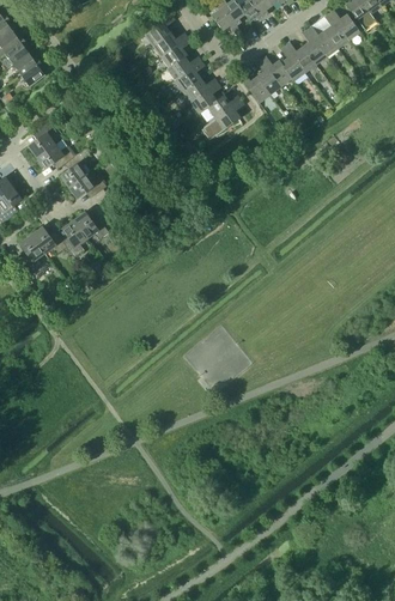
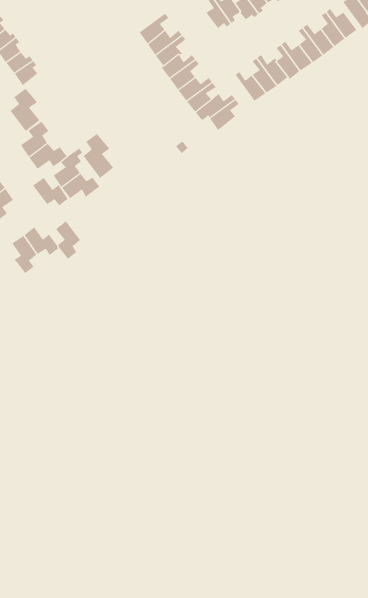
building: none -> [10,88,40,132]
building: none -> [83,133,114,179]
building: [73,211,109,239] -> [32,177,69,206]

